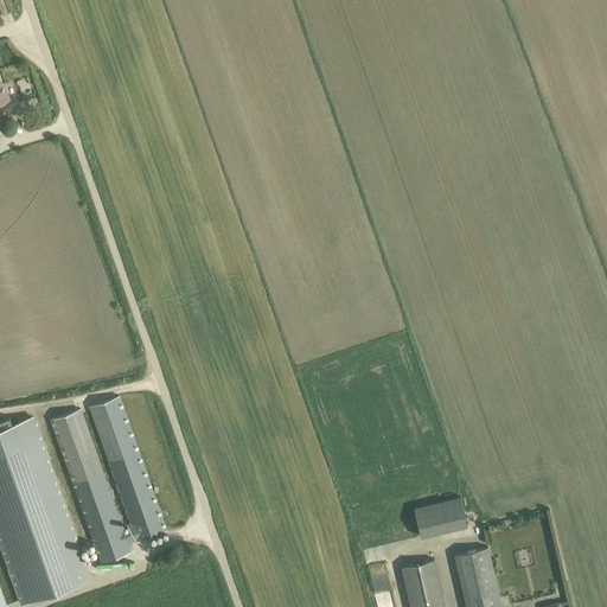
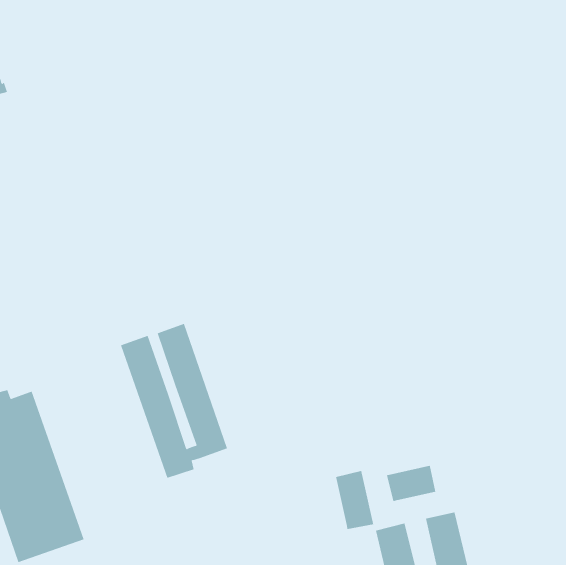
building: [50,397,165,563] -> [120,323,228,478]
building: none -> [335,470,374,530]

